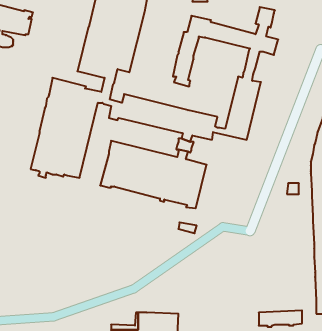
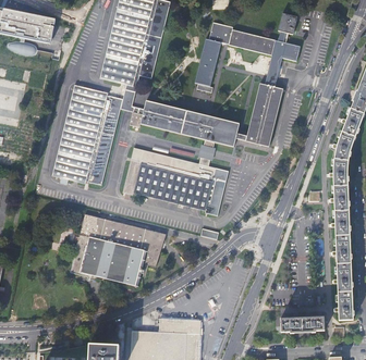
building: none -> [69,213,166,286]

